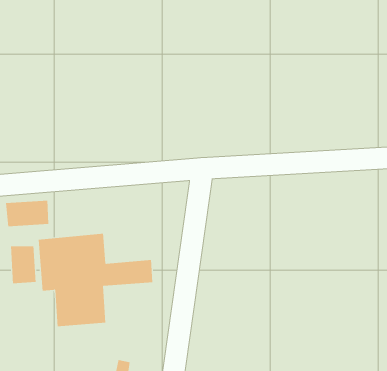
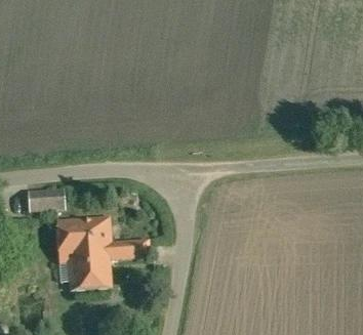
building: [10,246,36,284] -> none

